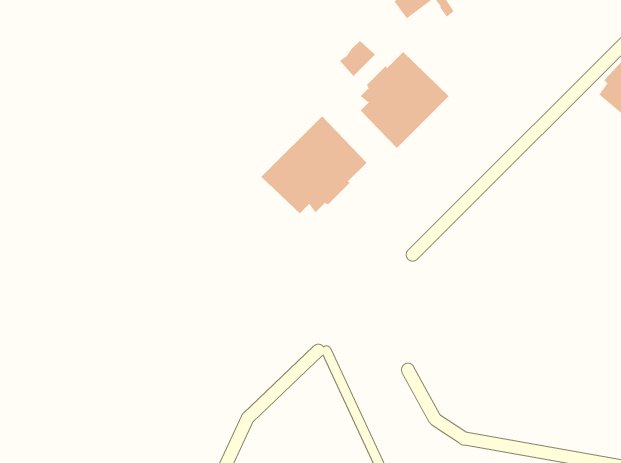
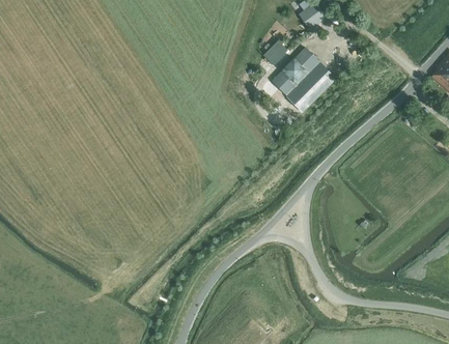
building: [261,116,367,214] -> none

